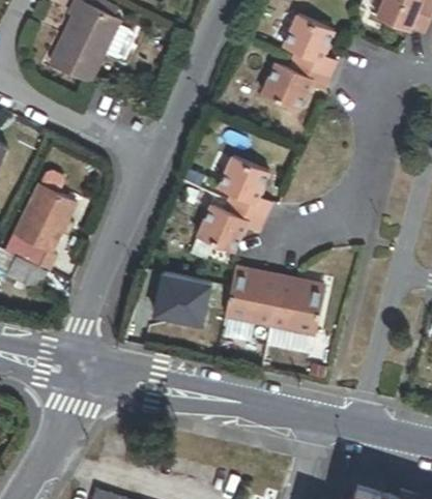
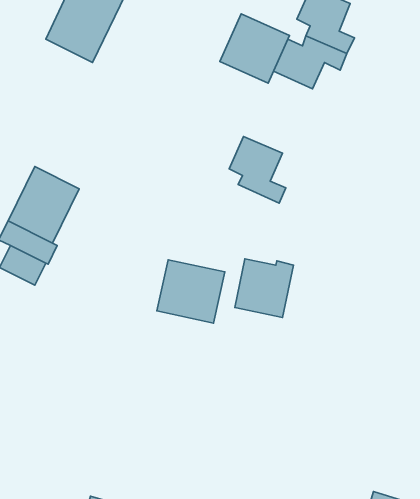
building: none -> [220,14,290,83]
building: [198,200,267,251] -> none
building: [270,275,325,334] -> none

